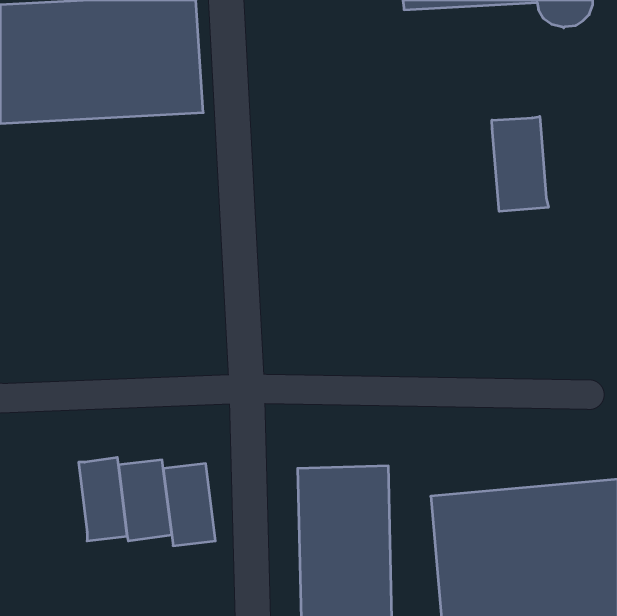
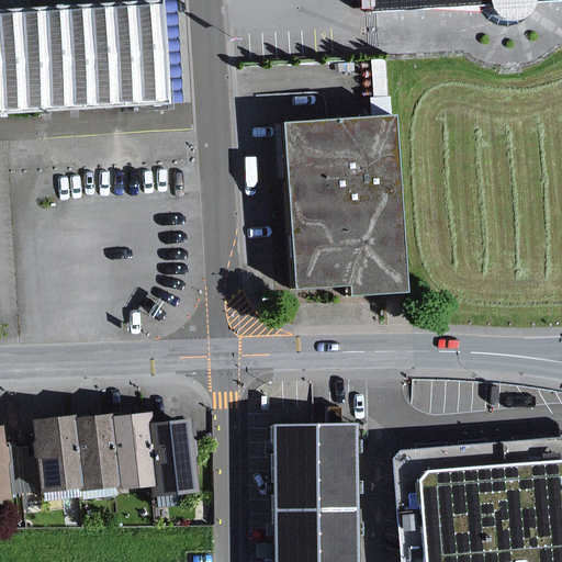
building: [492,116,548,211] -> none
building: none -> [278,111,409,301]
building: none -> [30,412,80,491]

